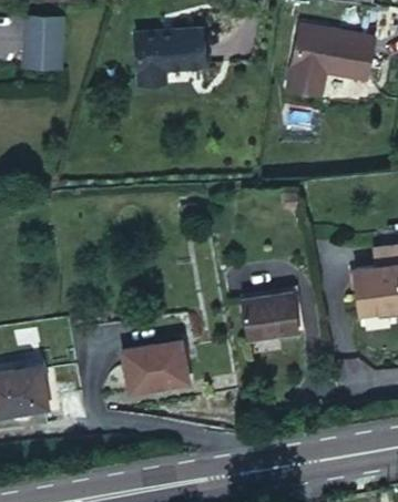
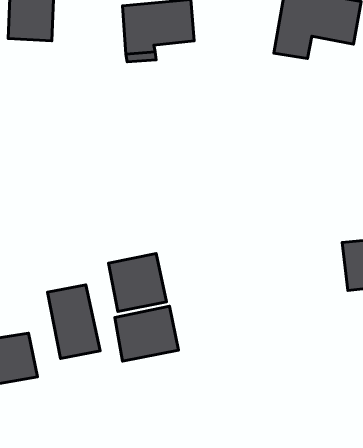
building: none -> [109,254,166,312]
building: [244,296,302,347] -> none
building: none -> [47,285,100,359]

